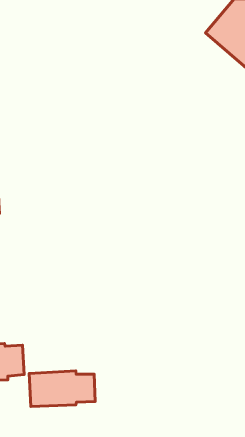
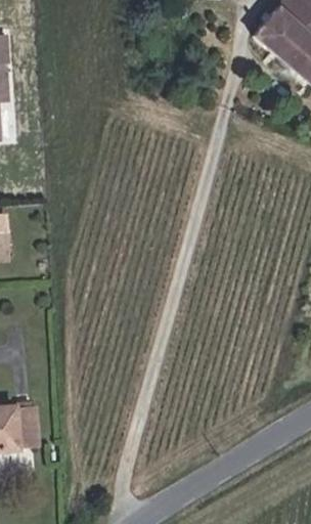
building: [29,371,95,406] -> none

